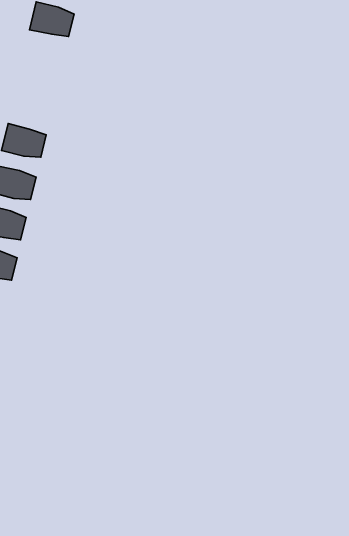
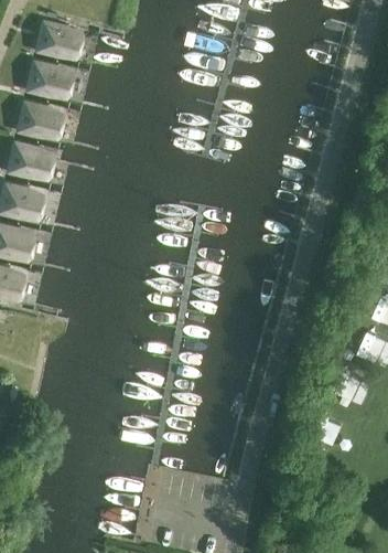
building: none -> [29,61,73,95]
building: none -> [20,100,63,135]

